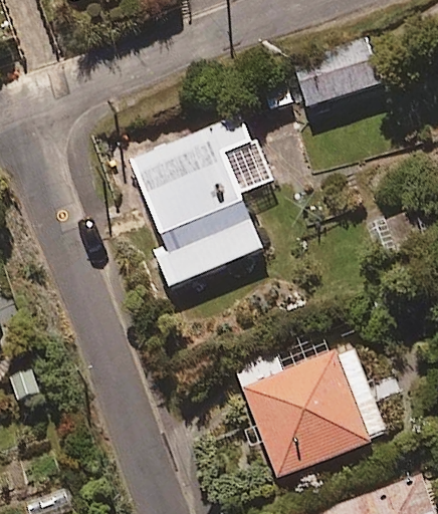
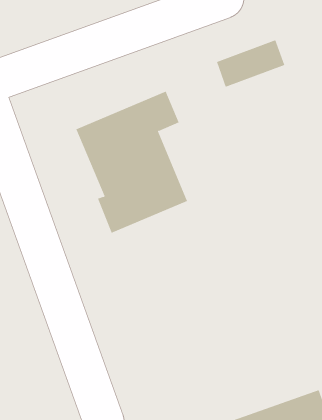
building: [240,344,388,479] -> none

